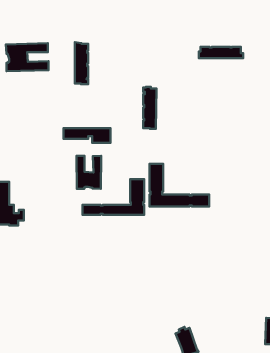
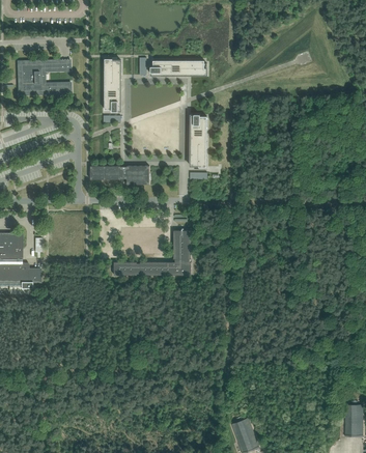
building: [199,47,243,58] -> [150,60,206,75]
building: [76,156,101,189] -> none
building: [150,164,209,206] -> none

